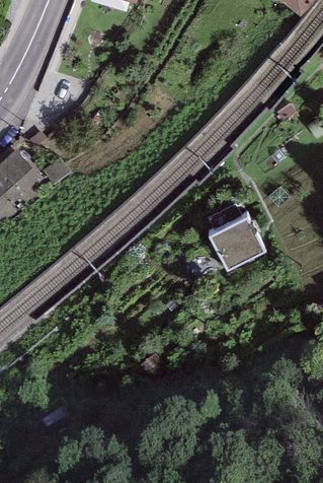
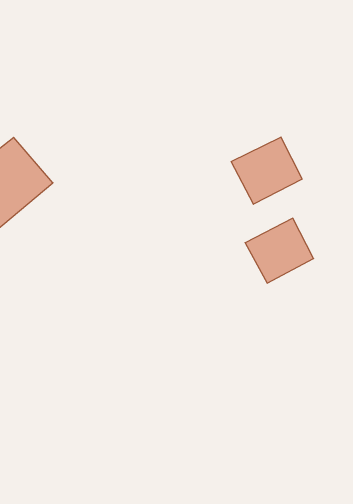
building: none -> [231,137,302,204]

